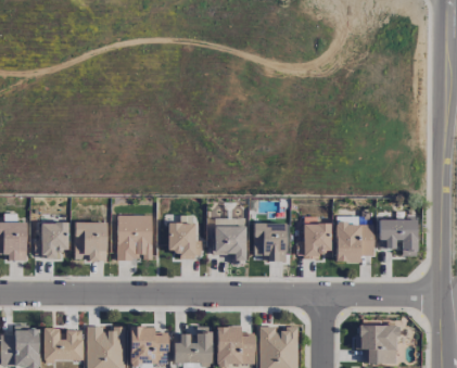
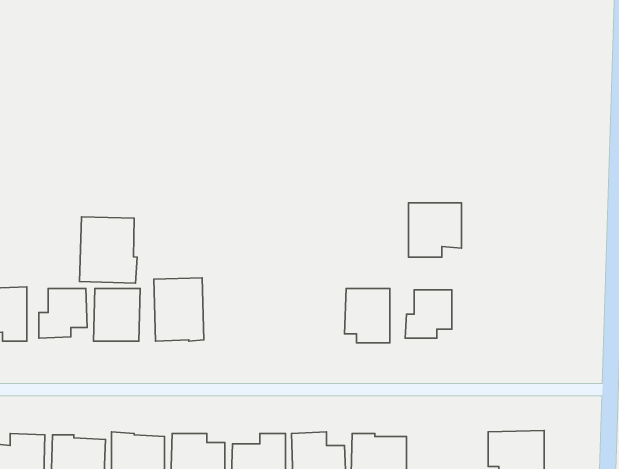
building: none -> [79,217,137,283]
building: [380,219,418,256] -> none
building: [168,223,202,258] -> none
building: [337,224,375,263] -> [408,203,461,257]
building: [214,226,246,264] -> none

